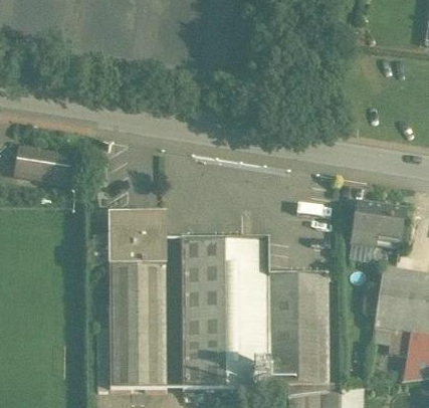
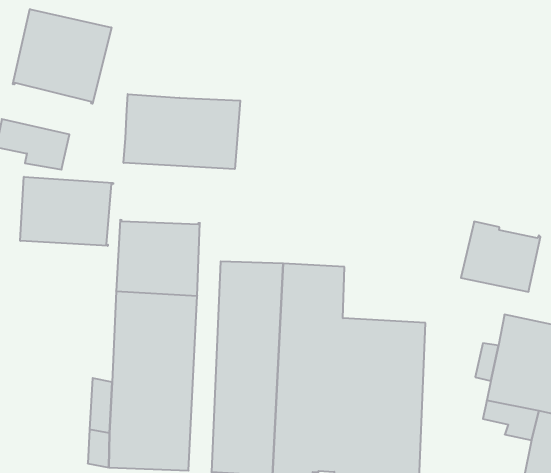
building: none -> [13,9,111,104]
building: none -> [124,94,240,169]
building: none -> [20,177,113,246]

